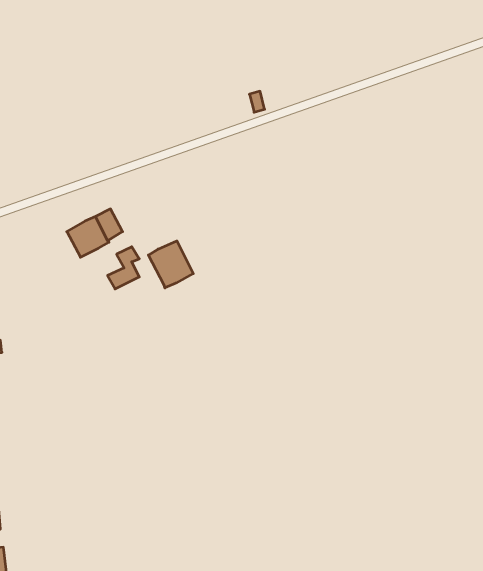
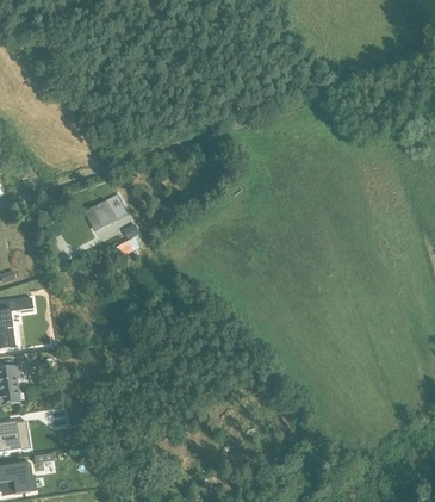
building: [148,241,193,288] -> none

